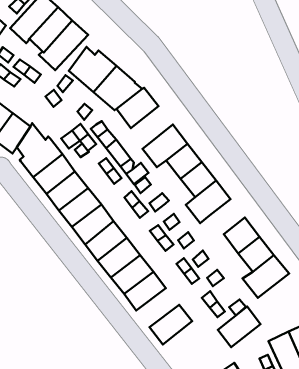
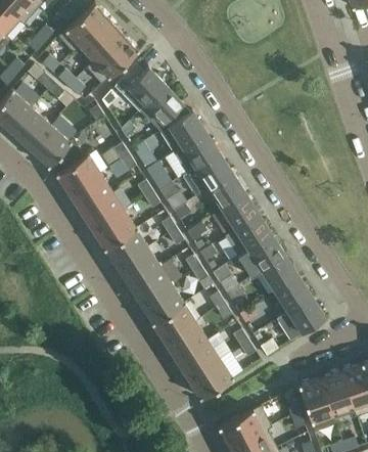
building: none -> [174,131,218,172]
building: none -> [237,234,284,277]
building: none -> [163,321,208,360]
building: [218,307,260,347] -> [187,358,232,399]

